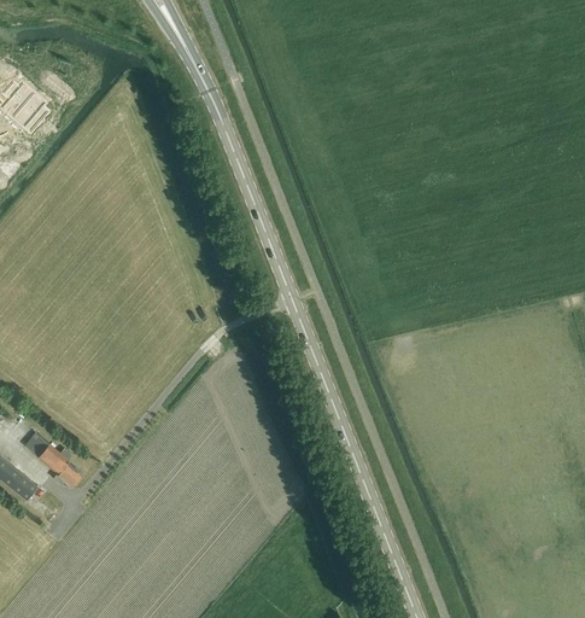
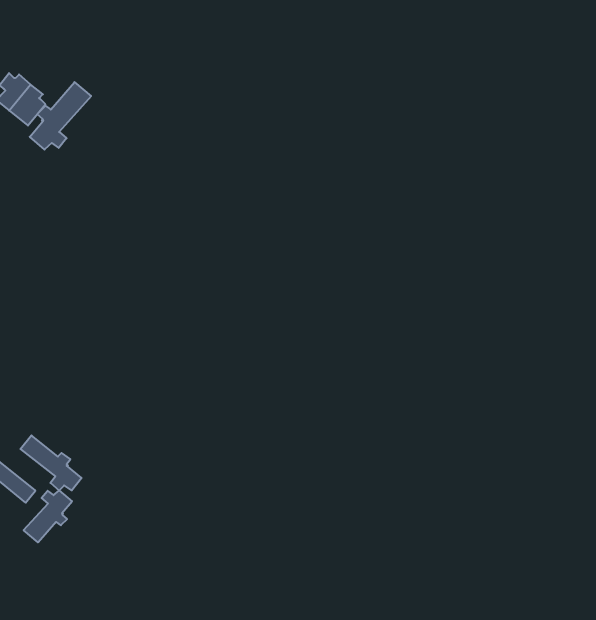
building: none -> [30,82,91,150]
building: none -> [24,490,72,542]

